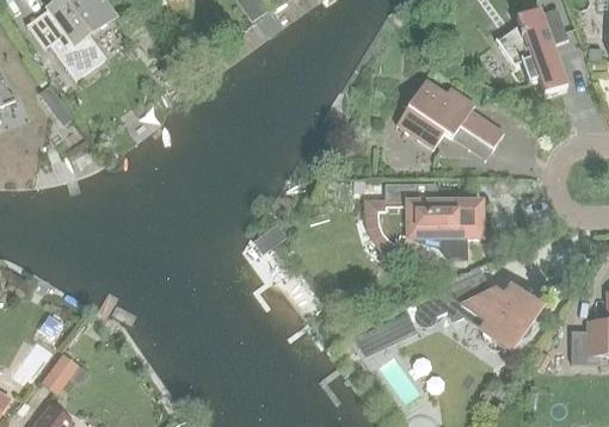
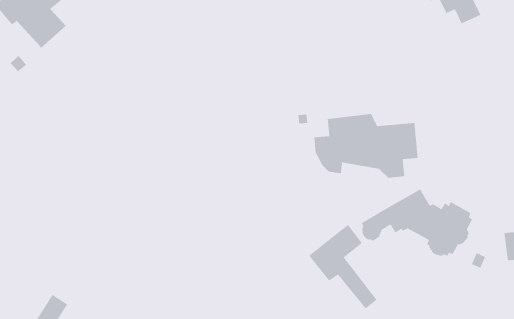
building: [401,80,504,148] -> none

